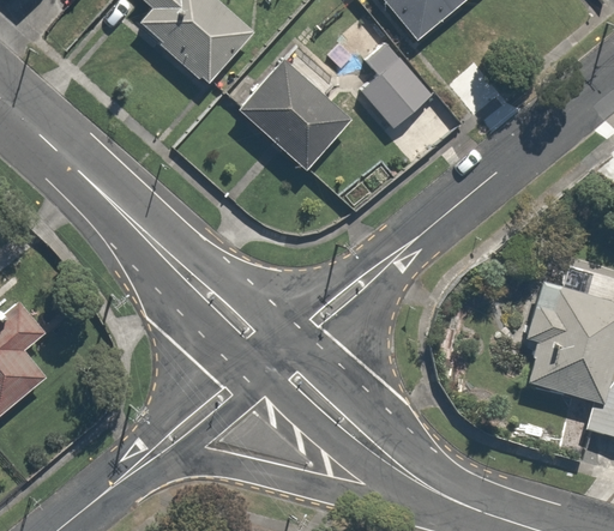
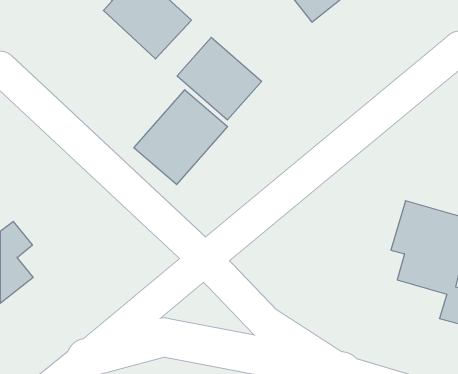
building: [359,37,434,128] -> none
building: none -> [134,90,227,185]

